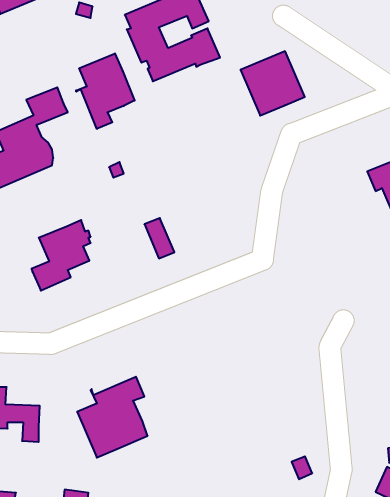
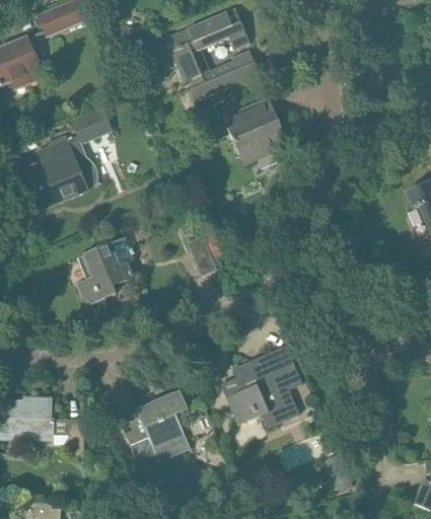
building: [240,51,305,116] -> [224,99,287,162]
building: [76,53,135,129] -> none
building: none -> [225,348,302,427]

